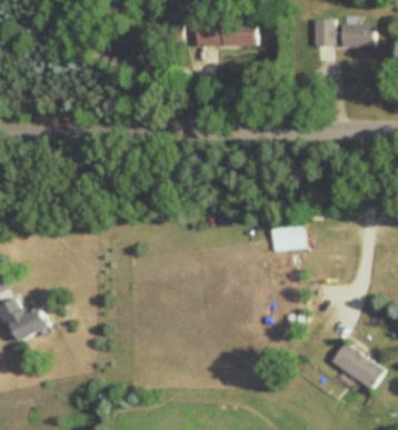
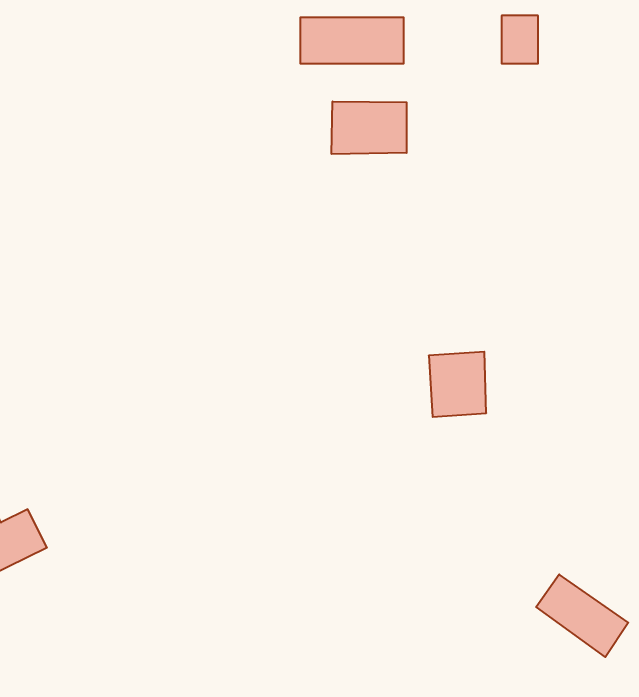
building: [342,26,375,48] -> none
building: none -> [332,101,407,154]

